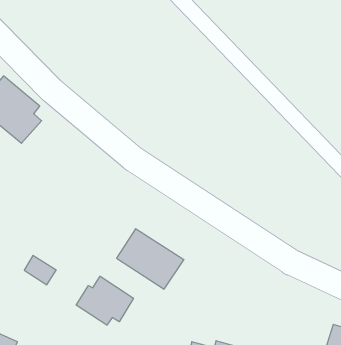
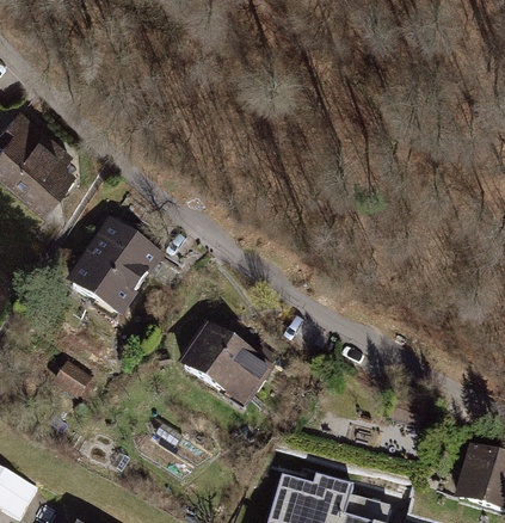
building: none -> [67,217,159,313]
building: [76,276,133,325] -> none

